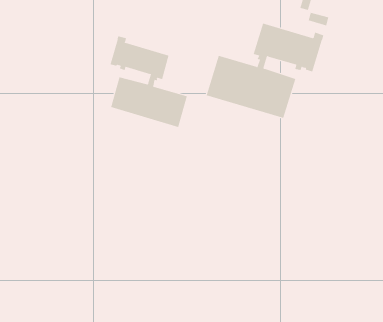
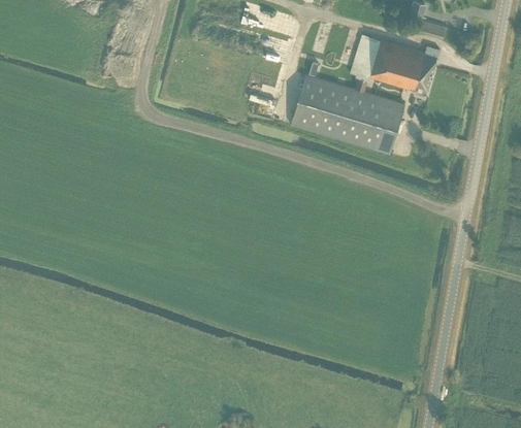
building: [110,35,187,128] -> none

